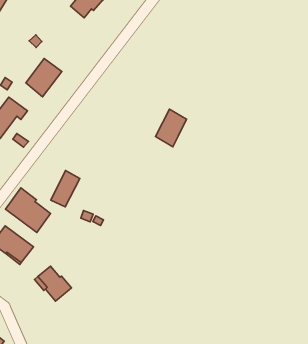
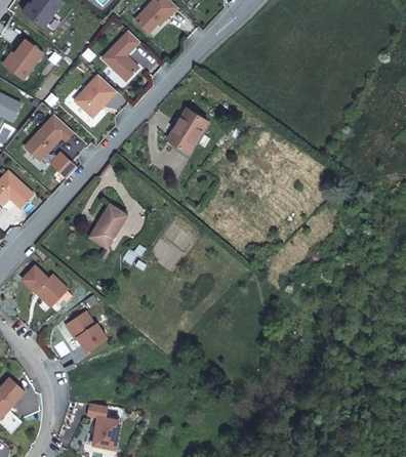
building: none -> [102,31,139,81]
building: [156,109,187,147] -> [169,109,206,152]
building: [6,188,51,233] -> none

